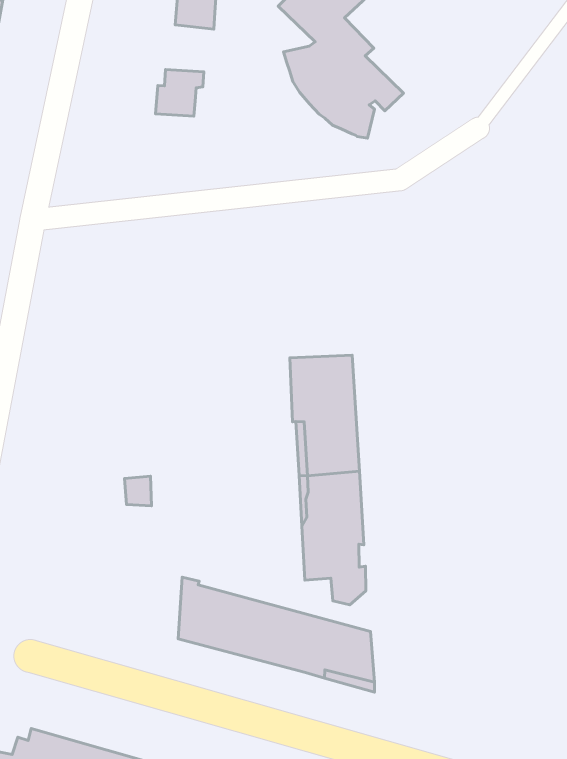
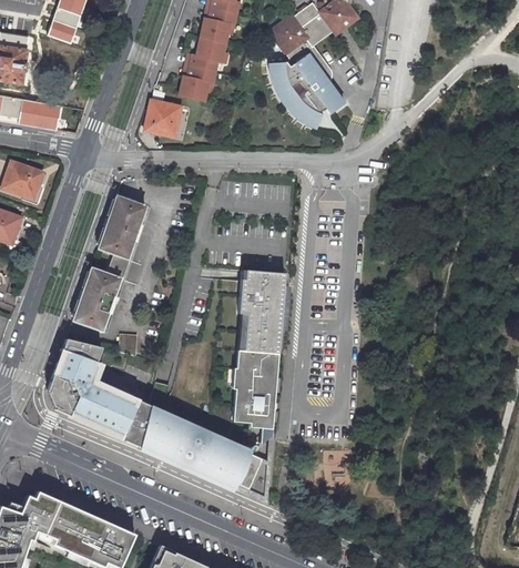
building: none -> [189,34,225,69]
building: none -> [143,98,179,134]
building: none -> [72,193,150,329]
building: none -> [45,337,149,447]

